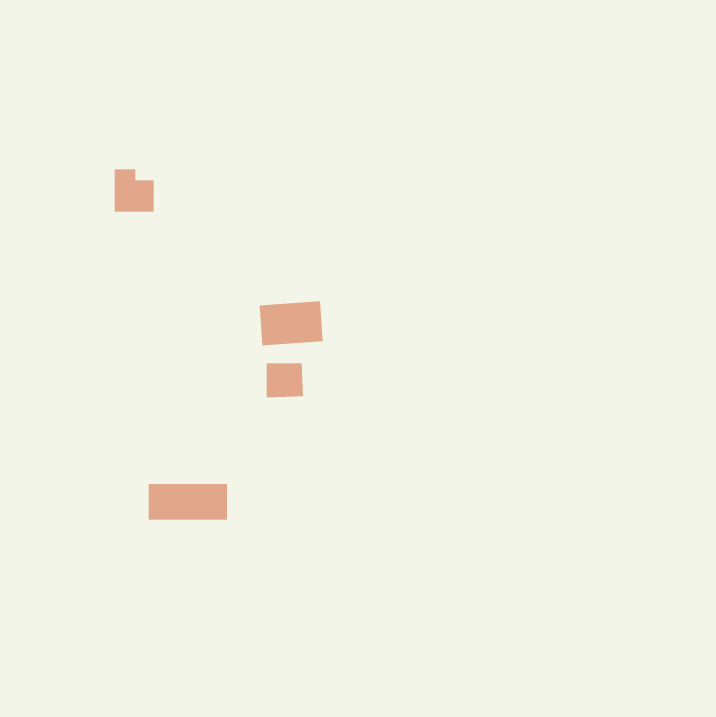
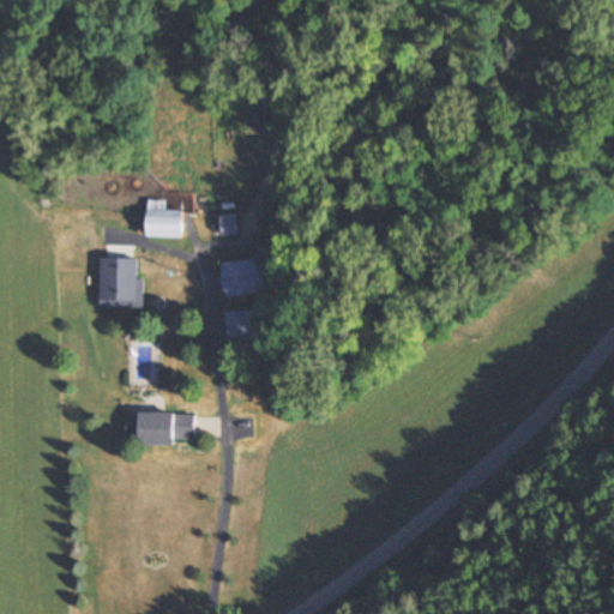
building: [114,169,155,212] -> [146,199,181,236]
building: none -> [100,257,143,307]

